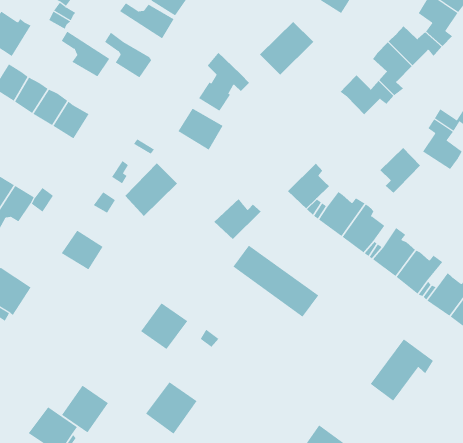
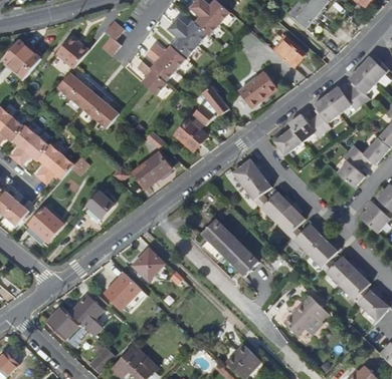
building: [61,31,110,77] -> [144,47,175,81]
building: [379,147,421,194] -> [274,127,303,157]
building: [214,199,262,240] -> [232,157,265,184]
building: [145,381,197,435] -> [107,275,143,311]

